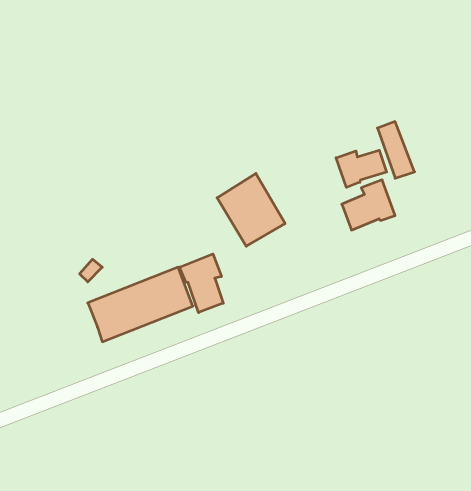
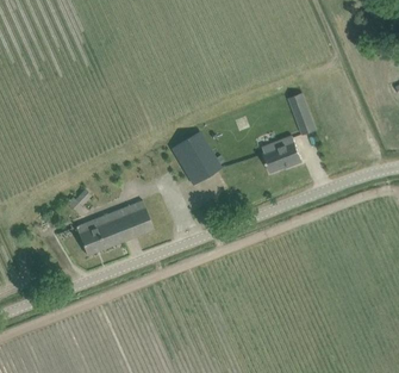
building: [336,150,387,187] -> none
building: [180,254,223,313] -> none

